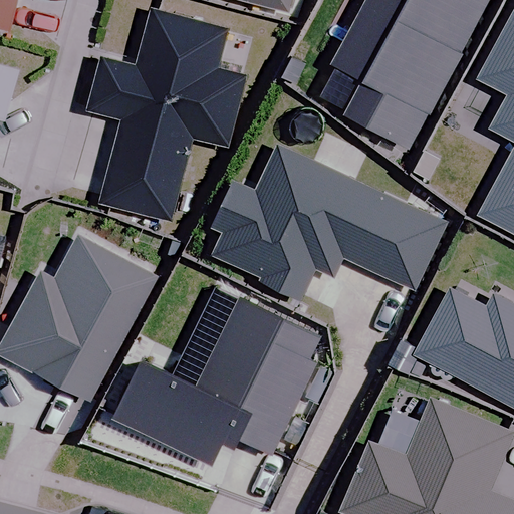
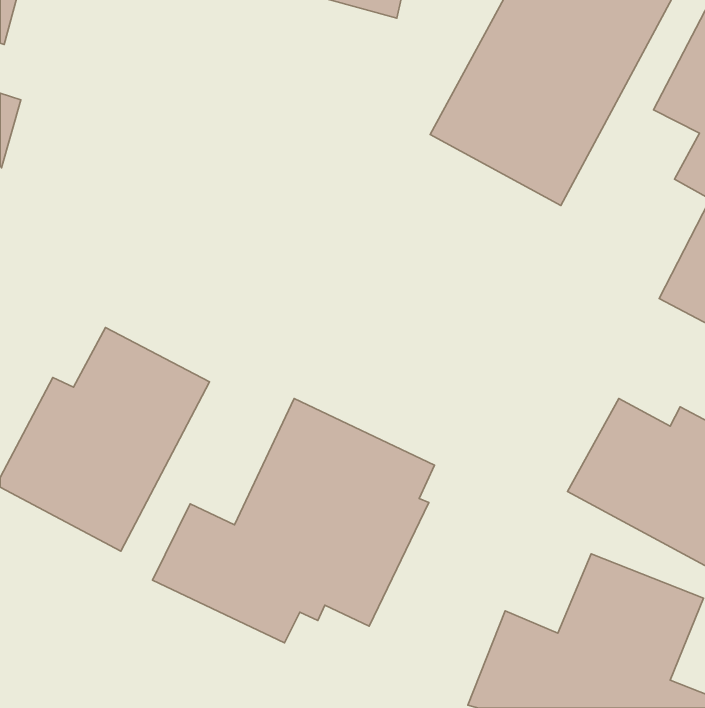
building: [88,9,245,220] -> none
building: [211,147,448,300] -> none

